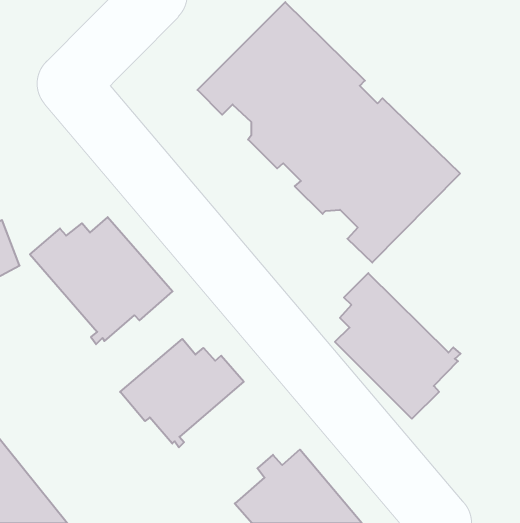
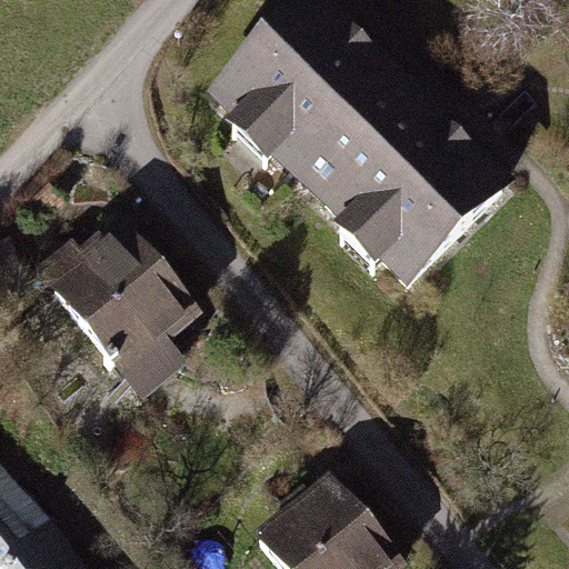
building: [335,273,461,419] -> none
building: [120,339,244,447] -> none

